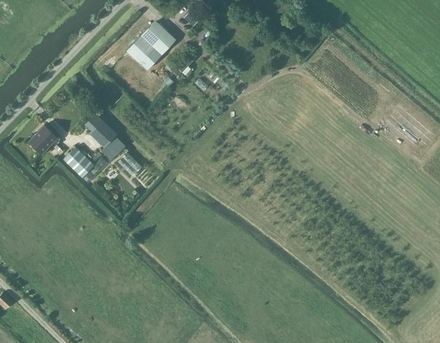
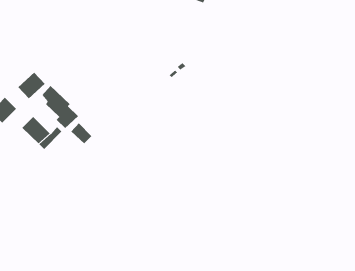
building: [127,24,172,69] -> none
building: none -> [18,72,45,99]

